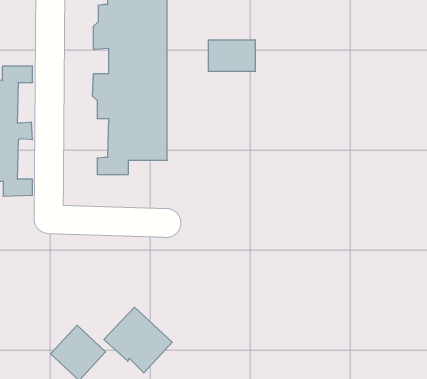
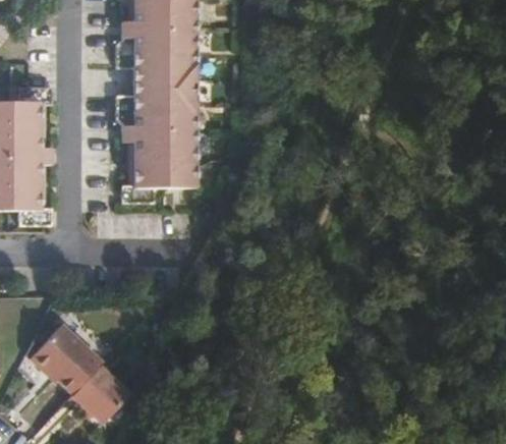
building: [209,40,255,72] -> none
building: [104,307,172,373] -> [29,323,102,393]

